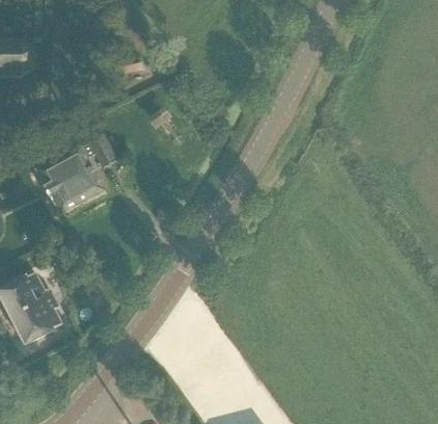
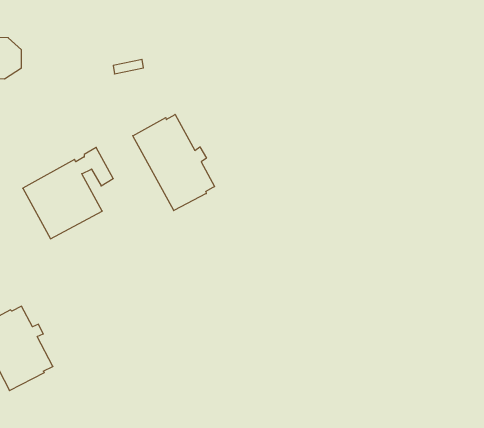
building: none -> [133,114,215,211]

